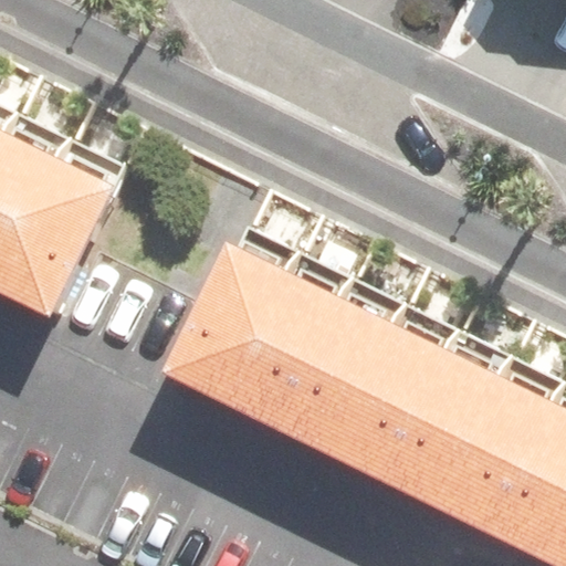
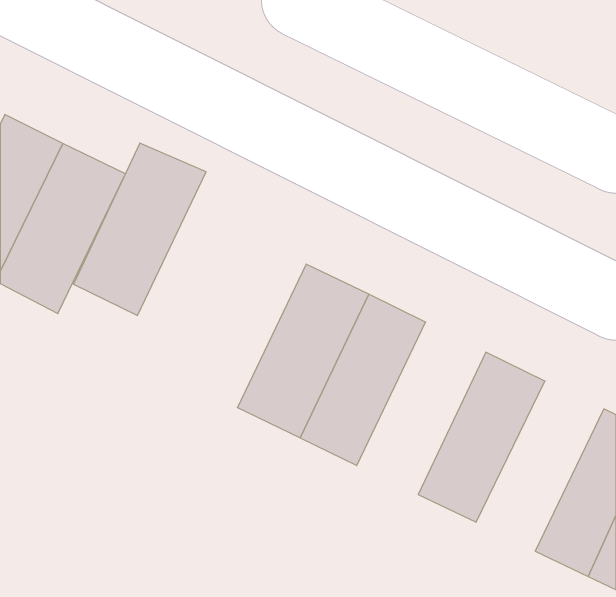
building: [159,233,281,391] -> [73,143,206,315]
building: [327,313,446,471] -> none
building: [437,367,554,523] -> none

